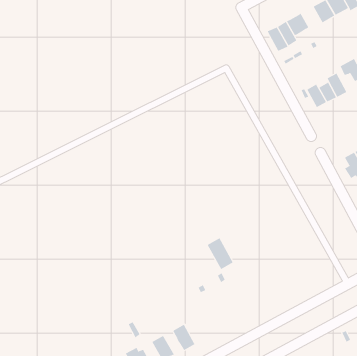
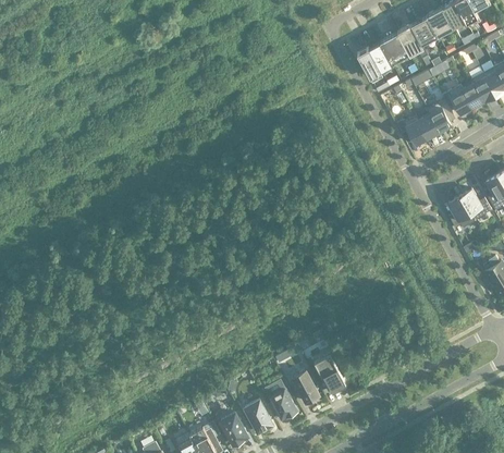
building: none -> [397,25,429,59]
building: [207,238,234,270] -> [315,355,346,393]
building: none -> [293,371,320,404]
building: none -> [268,389,297,419]

